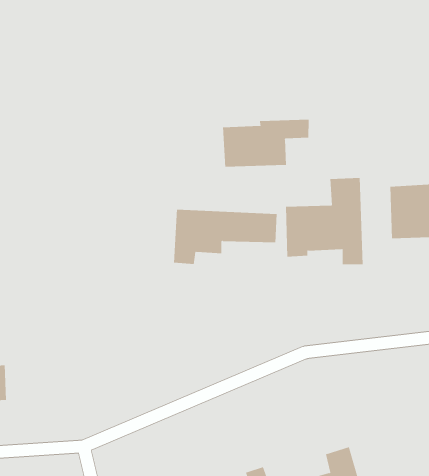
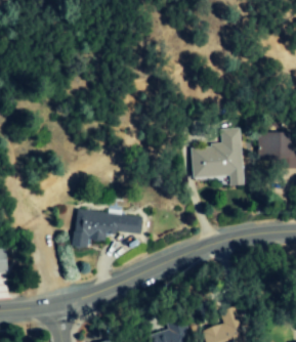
building: [222,119,309,167] -> none
building: [173,209,278,265] -> [73,211,142,248]

